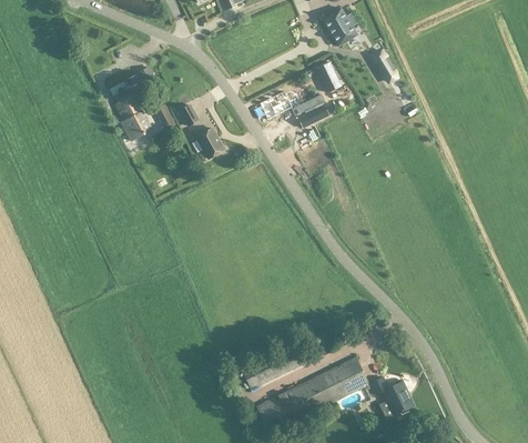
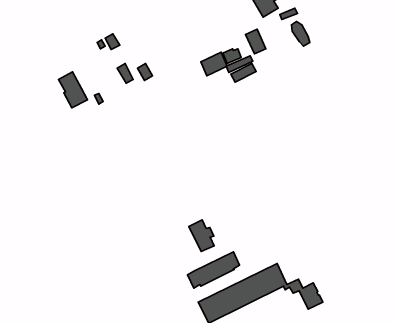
building: [114,94,151,140] -> [59,72,88,108]
building: [195,128,223,158] -> none
building: none -> [189,220,214,252]

